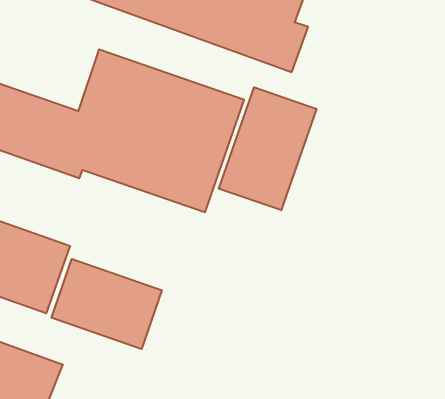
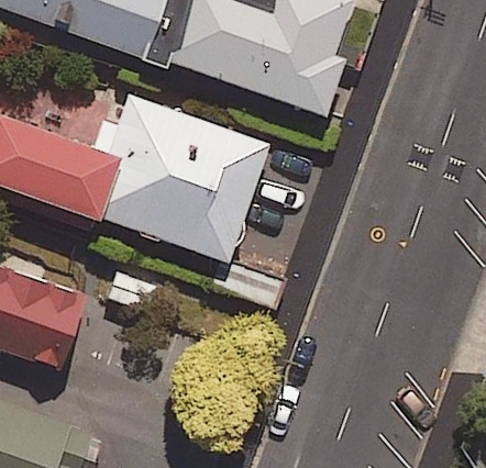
building: [219,87,316,210] -> none
building: [52,259,162,349] -> none

